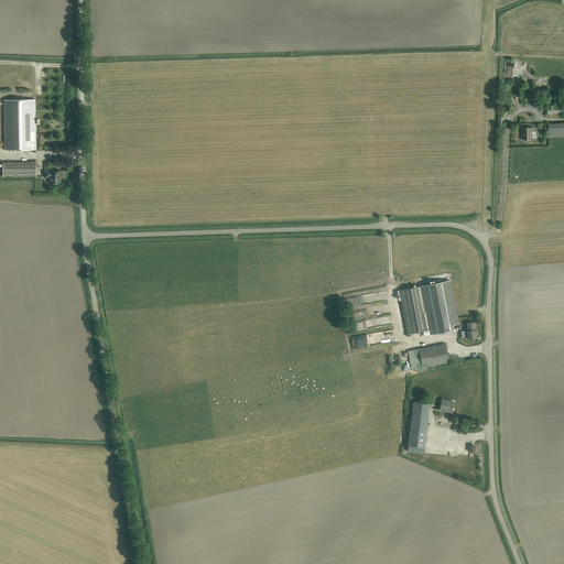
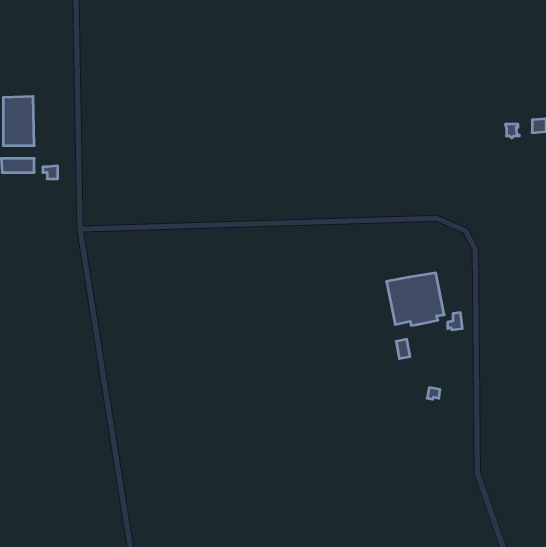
building: [419,344,448,367] -> none
building: [408,401,430,454] -> none

